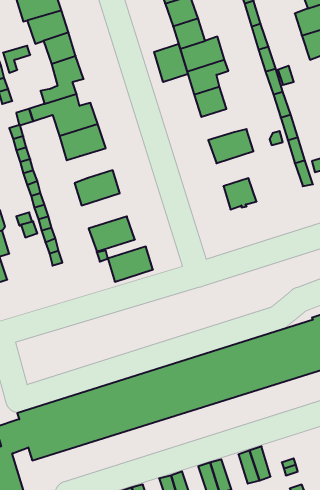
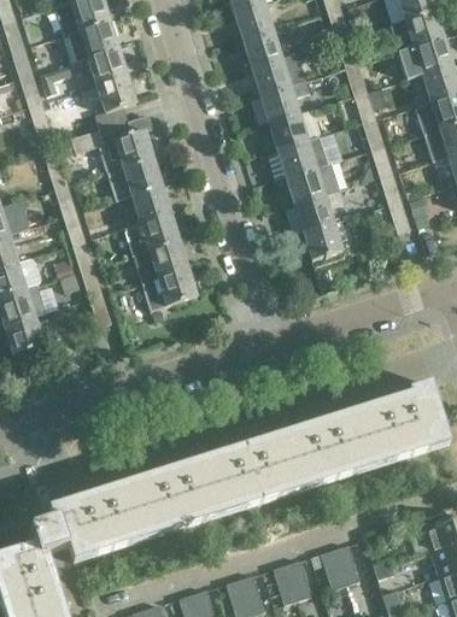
building: [154,44,188,82] -> none
building: none -> [276,137,316,175]
building: none -> [130,184,170,221]
building: none -> [294,188,344,230]
building: [108,247,153,282] -> [133,239,187,281]

